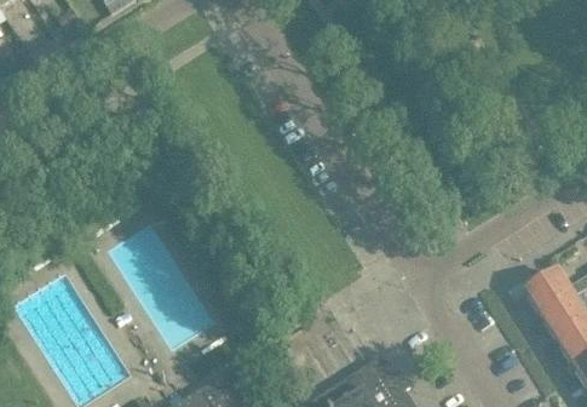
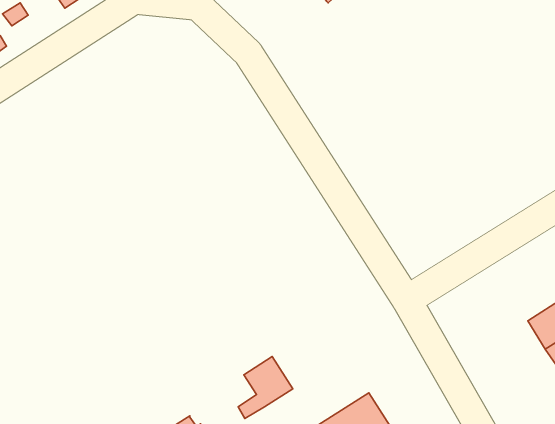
building: none -> [238,357,293,418]

